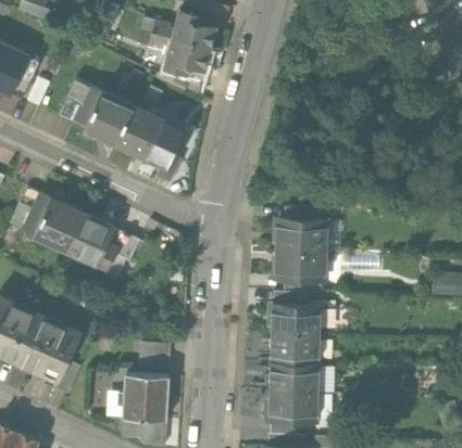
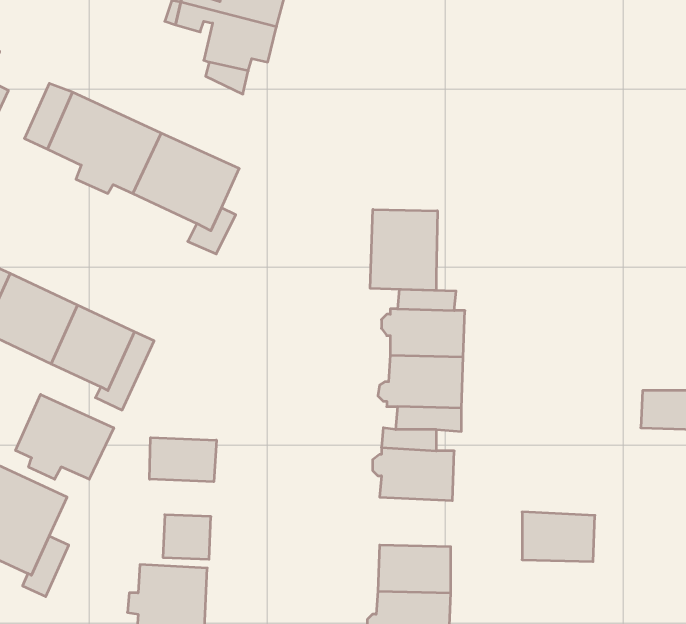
building: none -> [370,209,437,290]
building: none -> [16,394,114,479]
building: none -> [150,438,216,482]
building: [273,333,317,363] -> [522,512,595,562]

